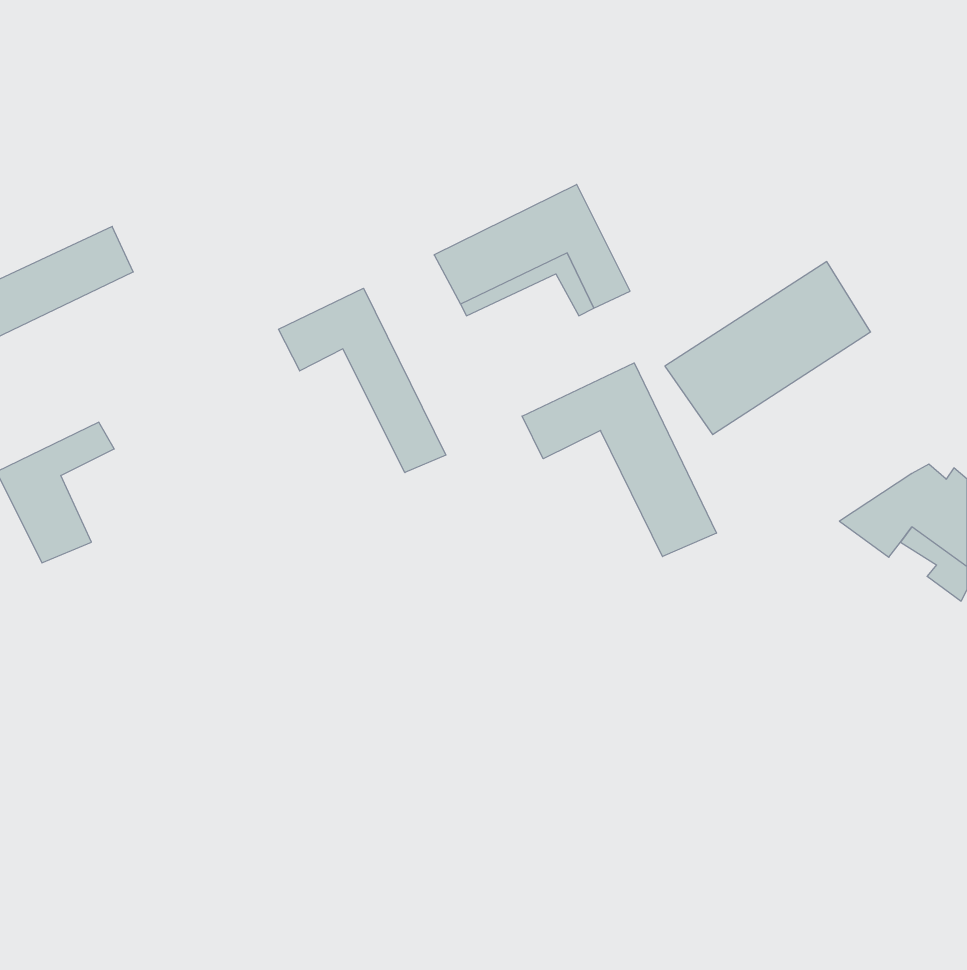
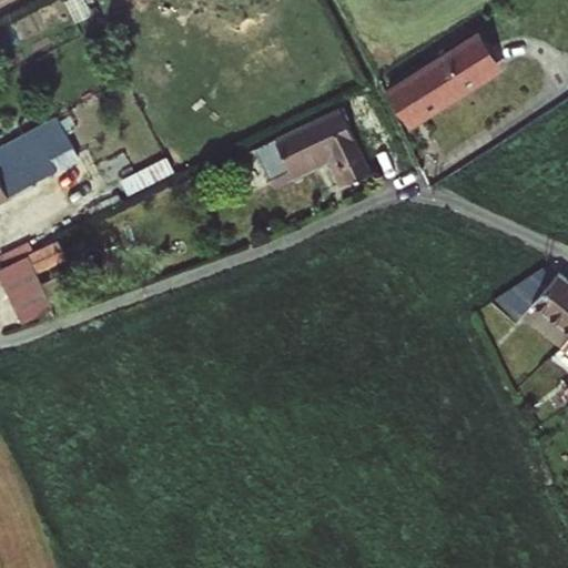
building: [665,262,871,435] -> [385,29,505,130]
building: [279,288,446,473] -> none
building: [522,363,716,557] -> none

